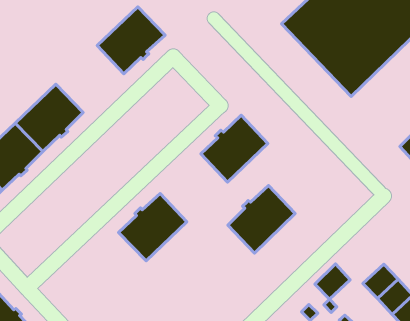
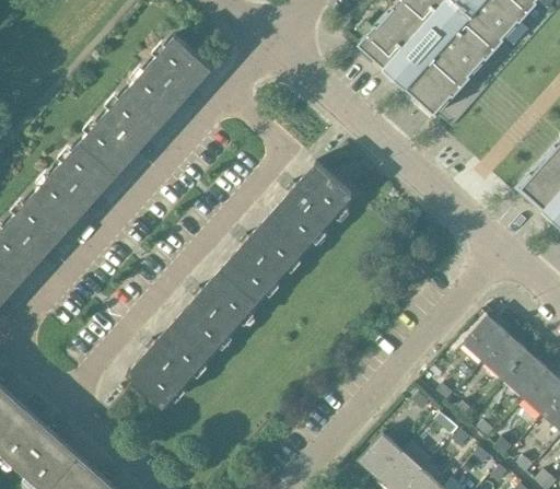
building: none -> [80,89,164,174]
building: [228,185,295,253] -> [221,214,304,301]
building: none -> [126,321,210,406]
building: [315,264,350,299] -> [464,316,508,361]

